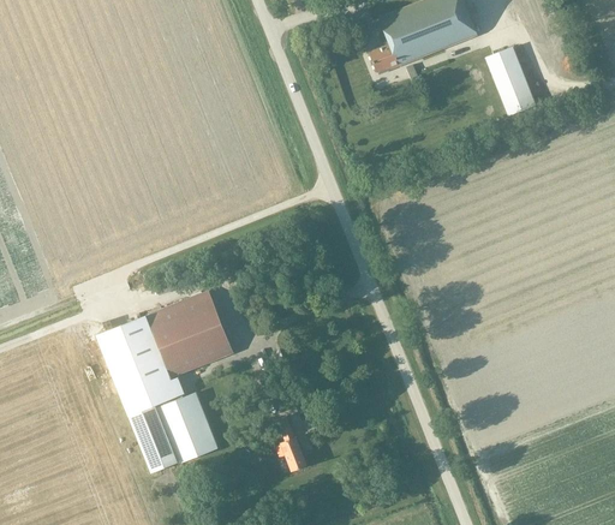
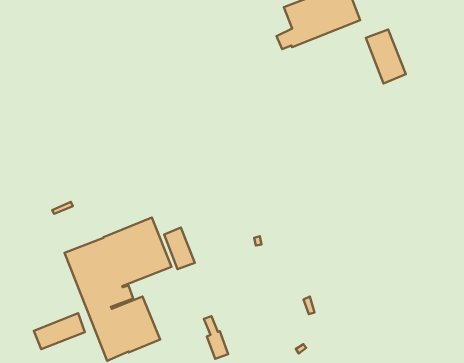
building: none -> [164,228,195,269]
building: none -> [34,313,85,349]

